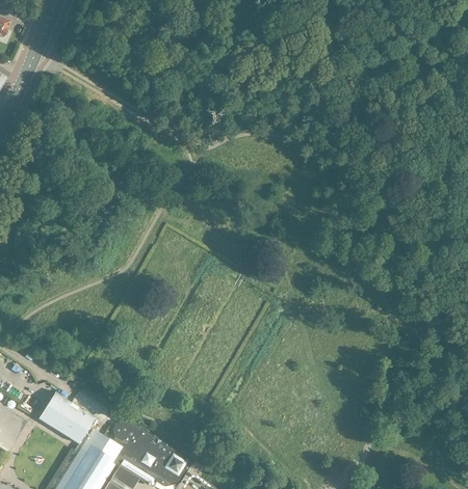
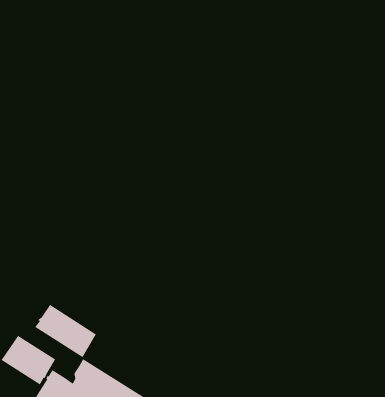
building: none -> [34,304,97,358]

